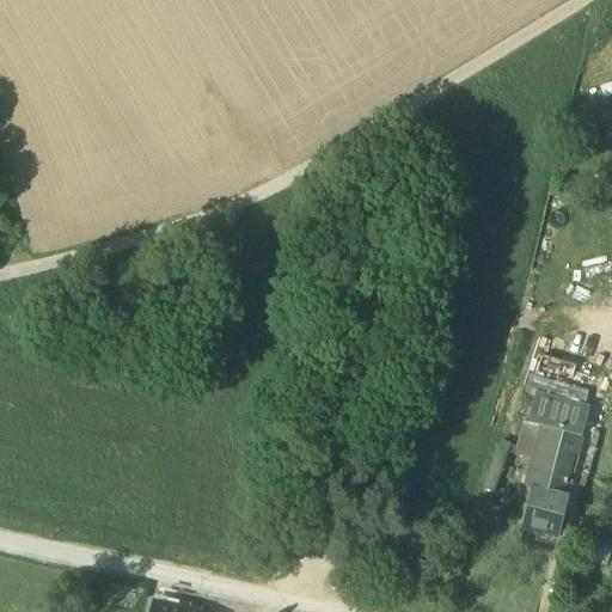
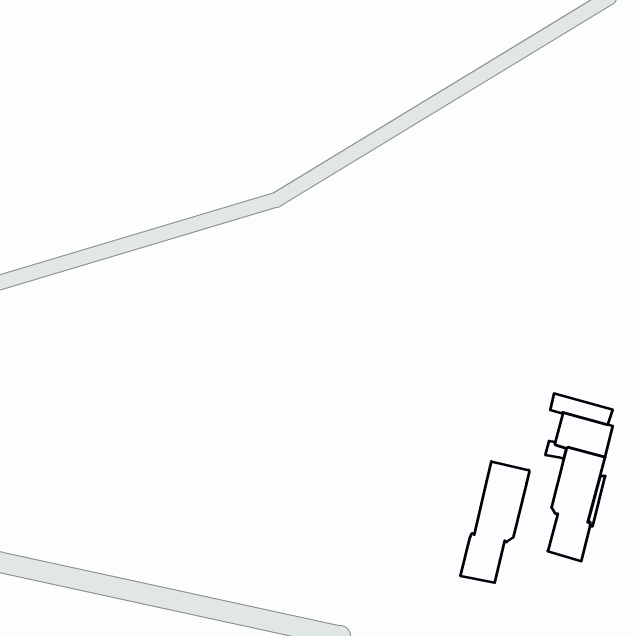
building: none -> [461,461,529,583]

